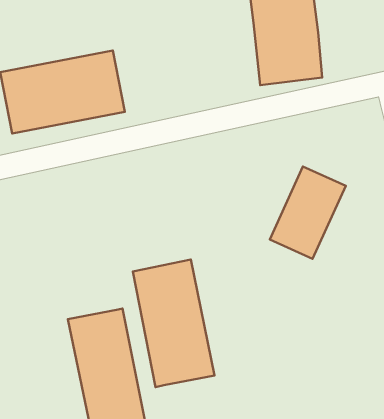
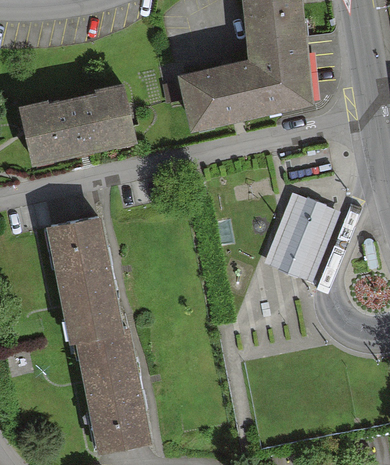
building: none -> [178,60,257,126]
building: [133,260,214,387] -> [49,219,125,338]

